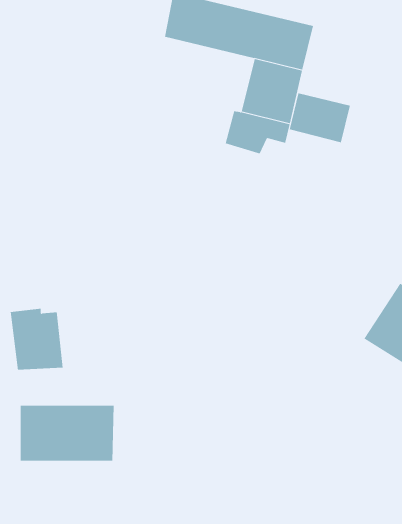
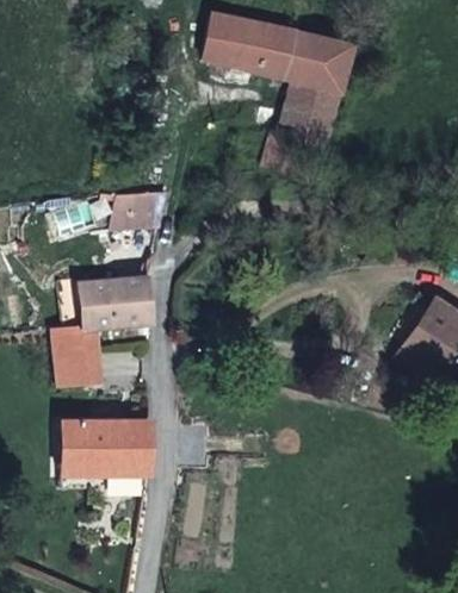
building: [289,93,350,143] -> none
building: none -> [112,188,172,225]
building: none -> [78,274,154,329]

